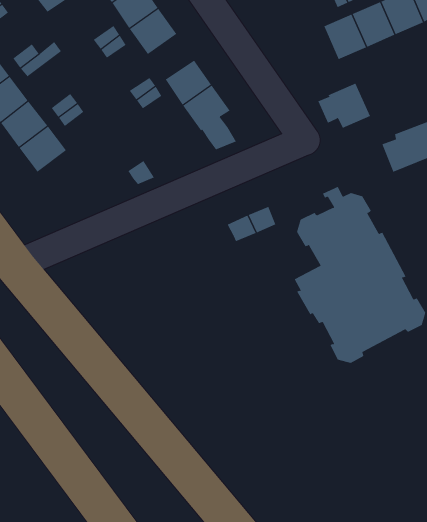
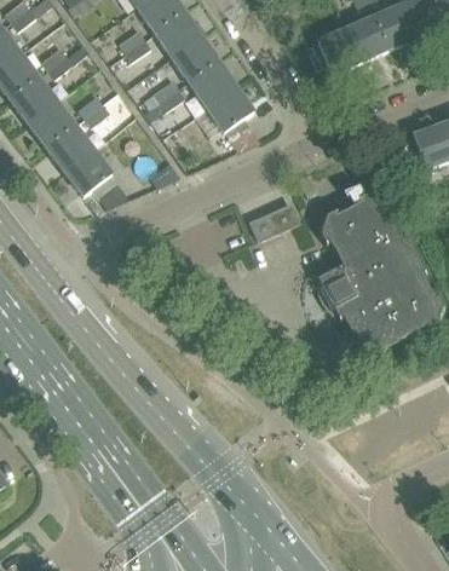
building: none -> [172,35,218,80]
building: [318,83,371,129] -> [306,28,358,73]
building: none -> [64,149,116,197]

